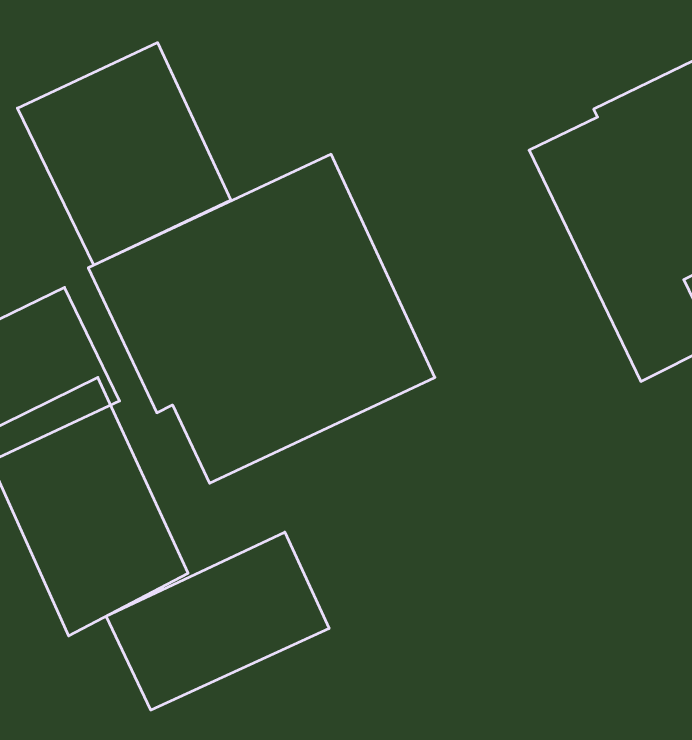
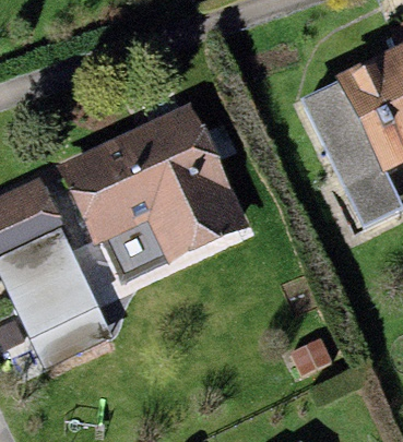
building: [17,43,231,265] -> none
building: [106,532,329,710] -> none

